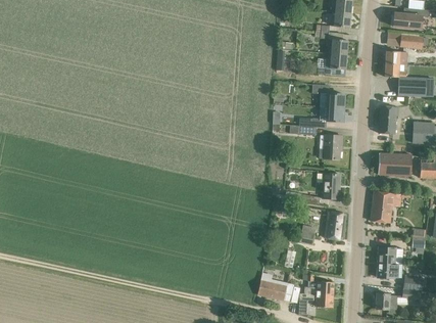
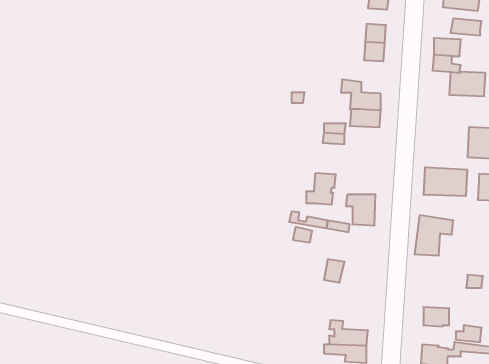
building: [379,105,399,134] -> none
building: [319,134,342,158] -> [306,173,336,204]
building: [325,212,346,238] -> none
building: [378,247,403,265] -> none
building: [257,278,294,299] -> none

